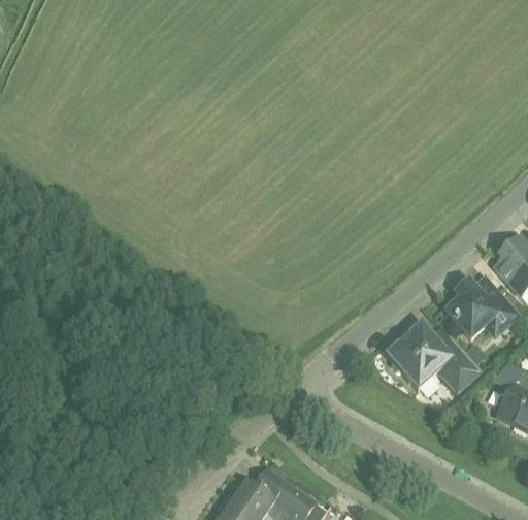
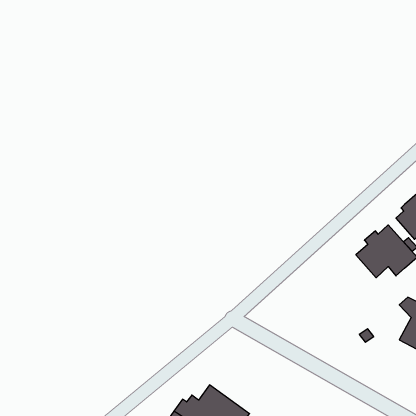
building: [387,325,483,397] -> none

